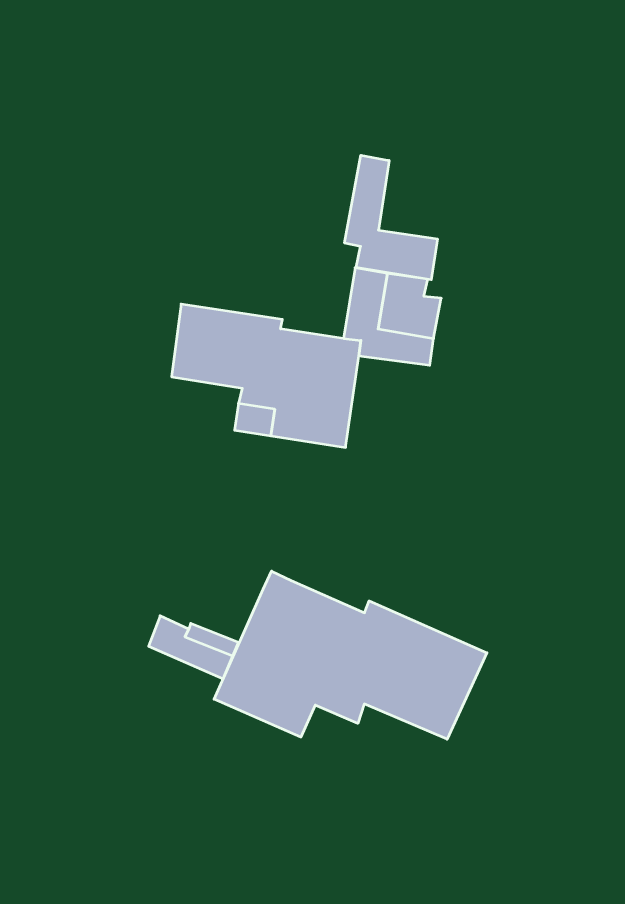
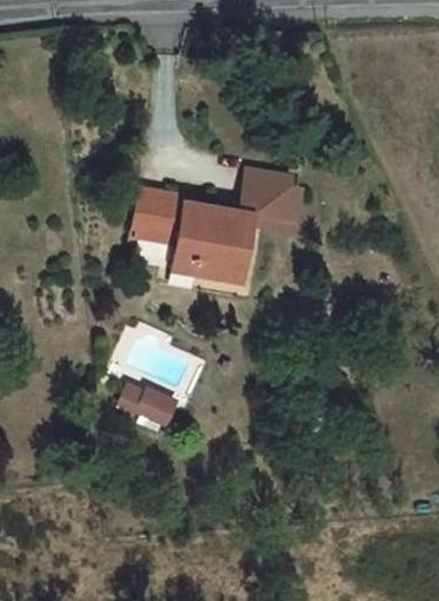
building: [345,155,437,280] -> none
building: [214,571,487,739] -> none

